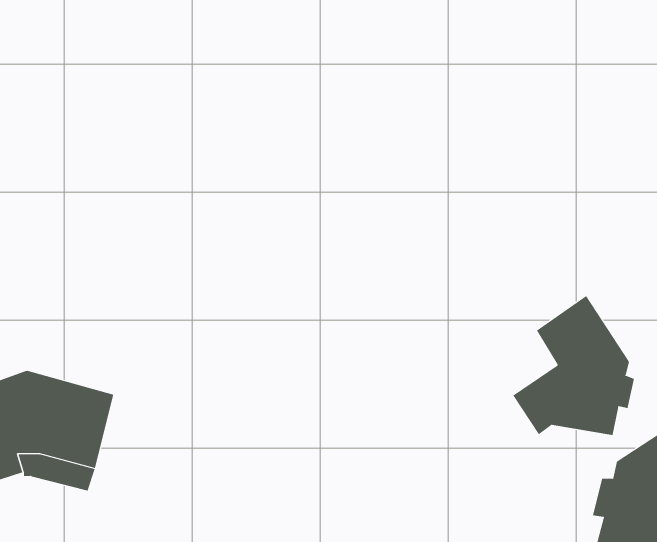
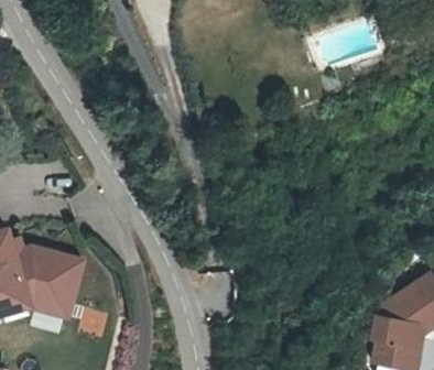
building: [512,295,634,436] -> none

